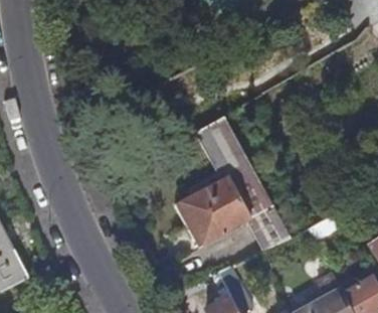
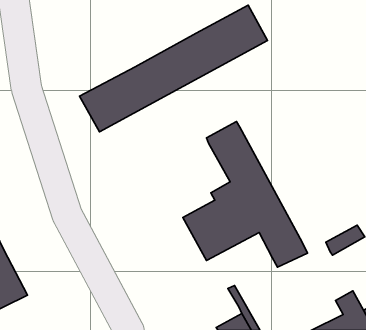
building: none -> [79,5,267,132]

